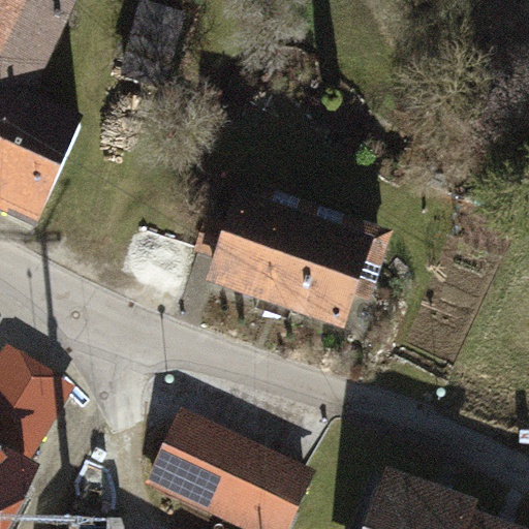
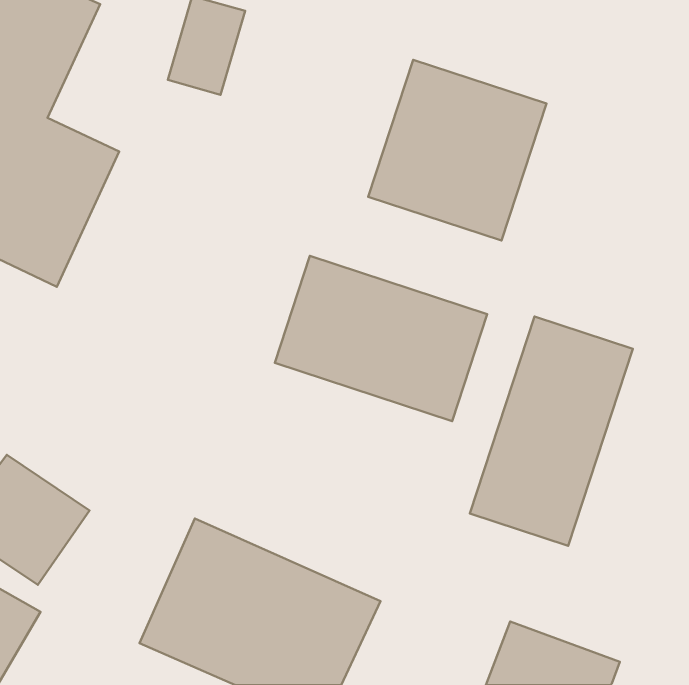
building: none -> [368,60,546,240]
building: none -> [470,317,633,546]

